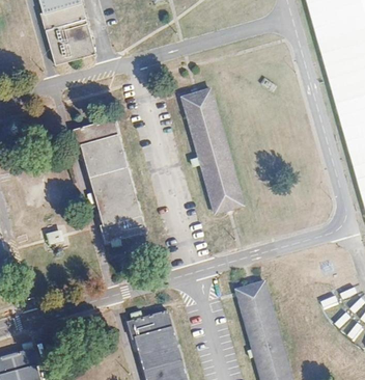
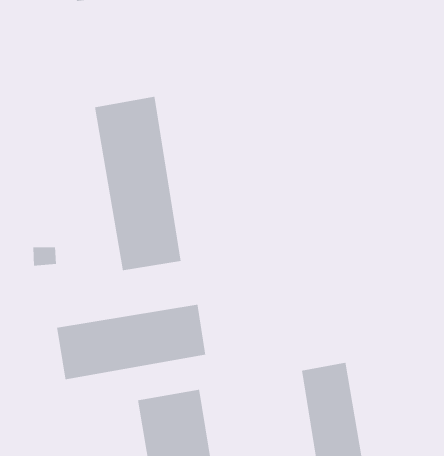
building: [182,91,248,223] -> none
building: none -> [57,304,206,380]

